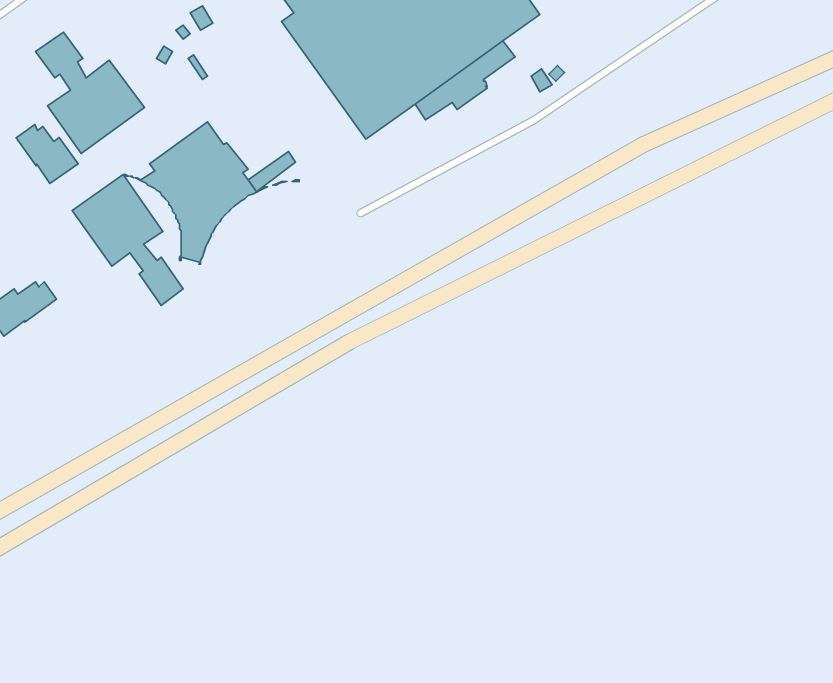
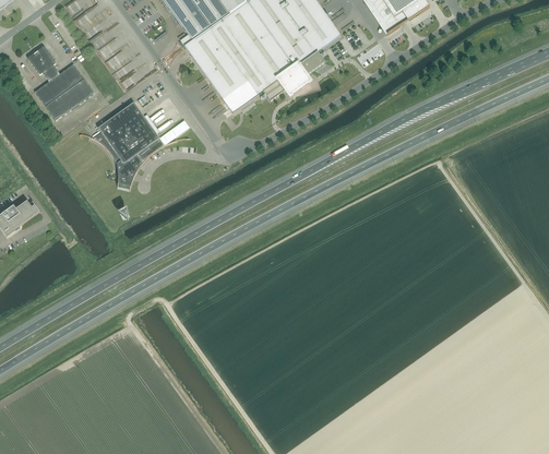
building: [16,124,78,184] -> none
building: [72,174,183,305] -> none

